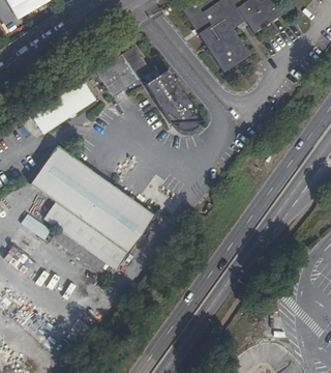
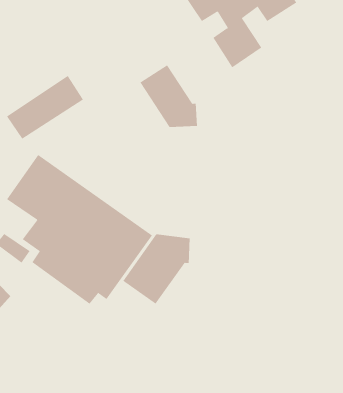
building: [95,45,151,96] -> none
building: none -> [122,233,190,305]

